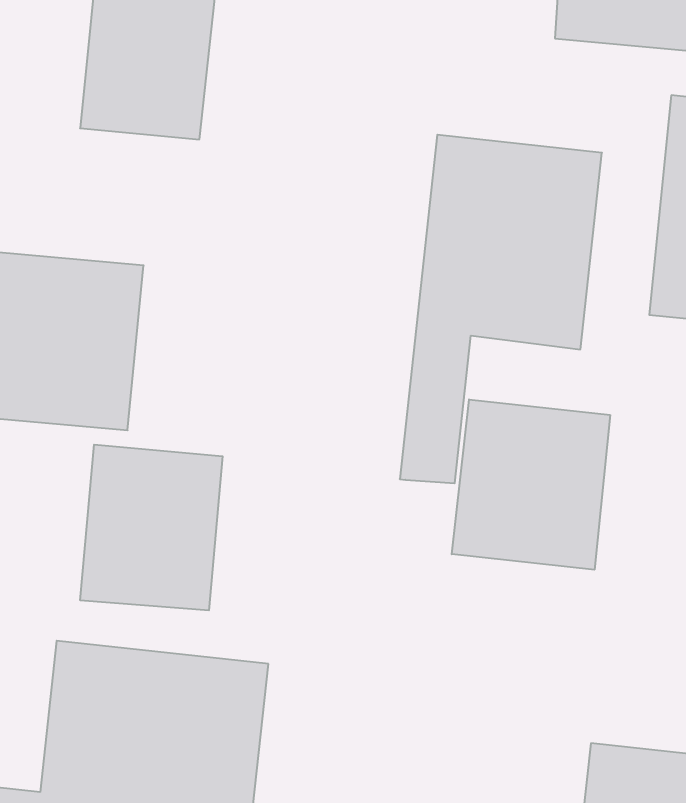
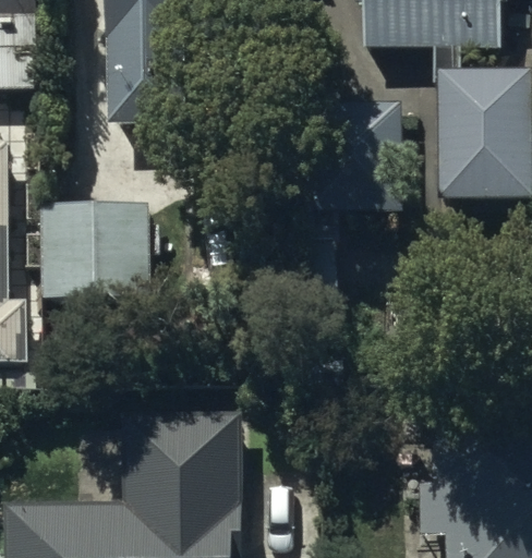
building: [452,399,610,570] -> none
building: [80,445,223,610] -> none

